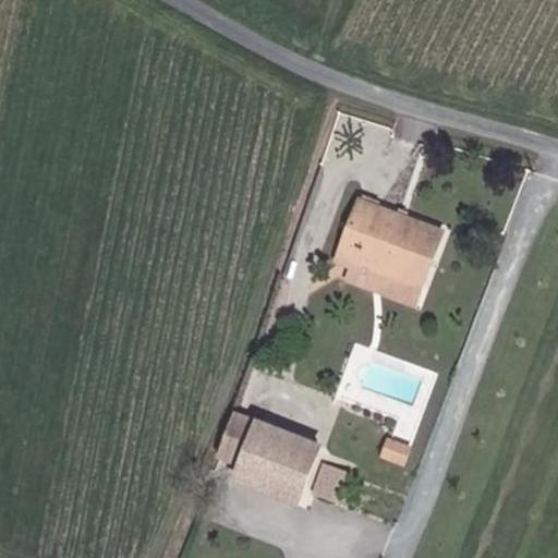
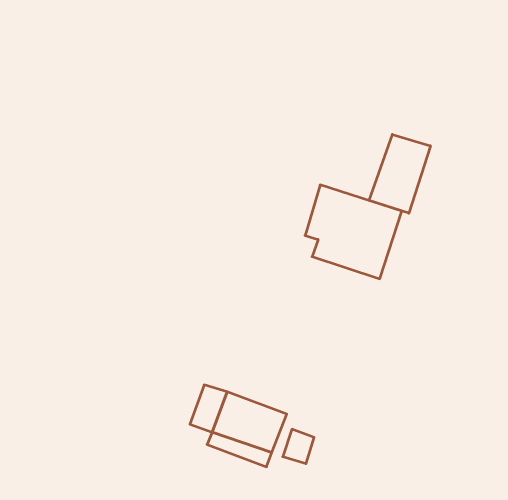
building: none -> [369,134,430,213]

